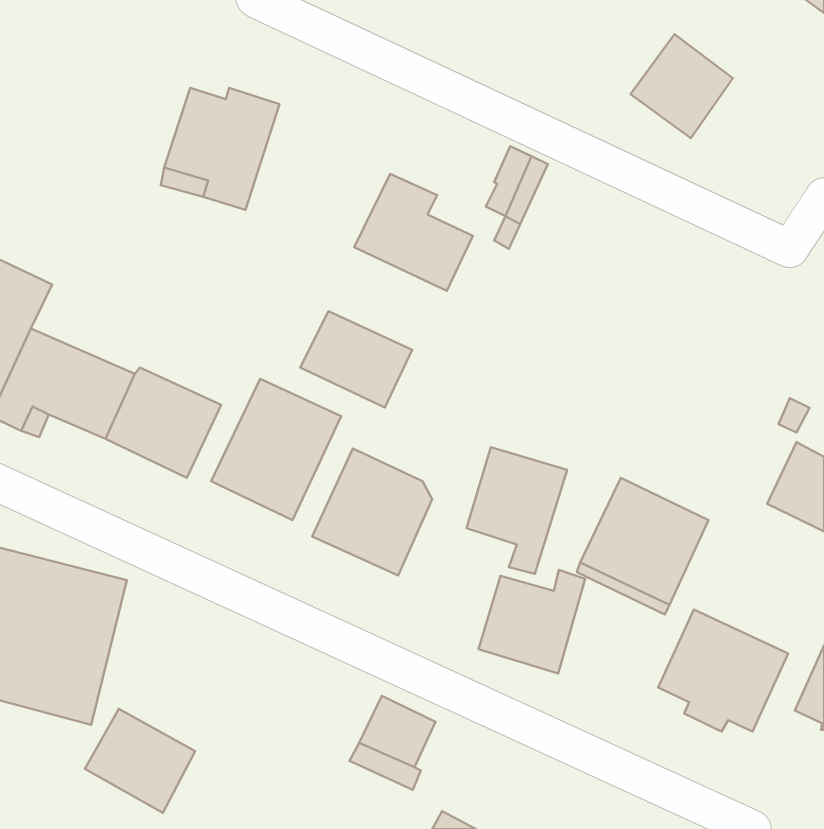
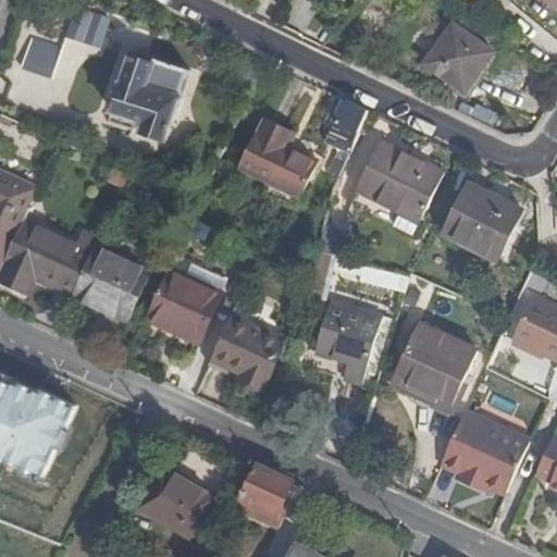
building: none -> [64,7,109,47]
building: none -> [17,36,60,76]
building: none -> [354,139,442,221]
building: none -> [442,182,520,259]
building: [300,311,412,408] -> none
building: [478,570,585,673] -> none
building: [85,709,195,813] -> [138,468,212,537]

